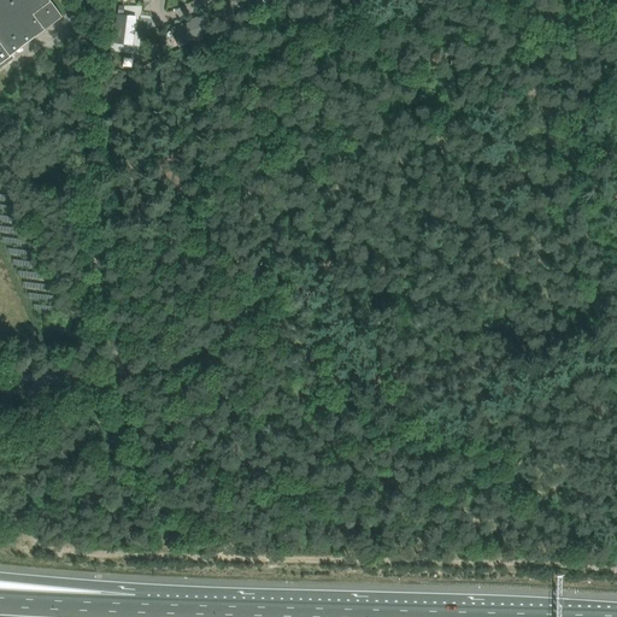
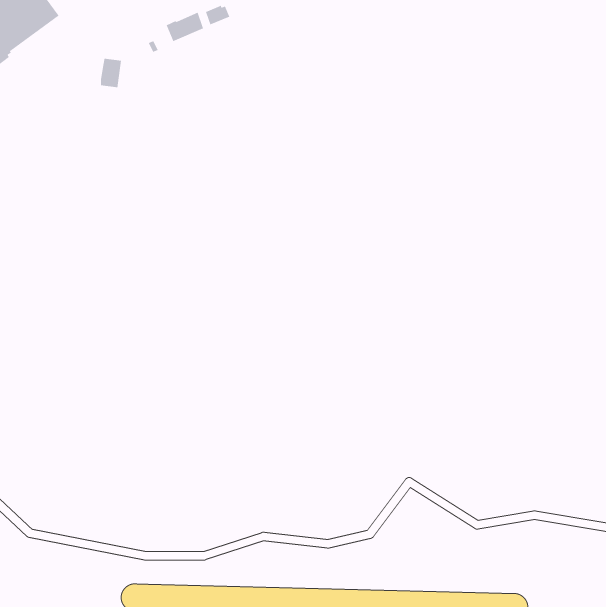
building: [111,12,133,42] -> [100,58,122,88]

